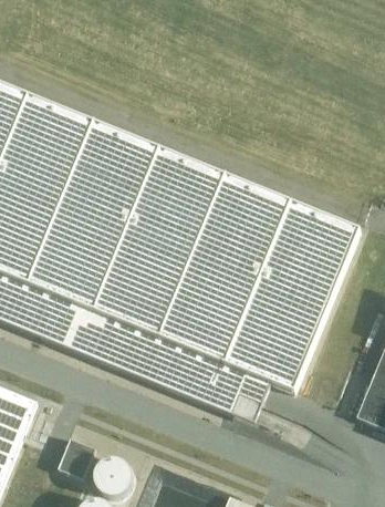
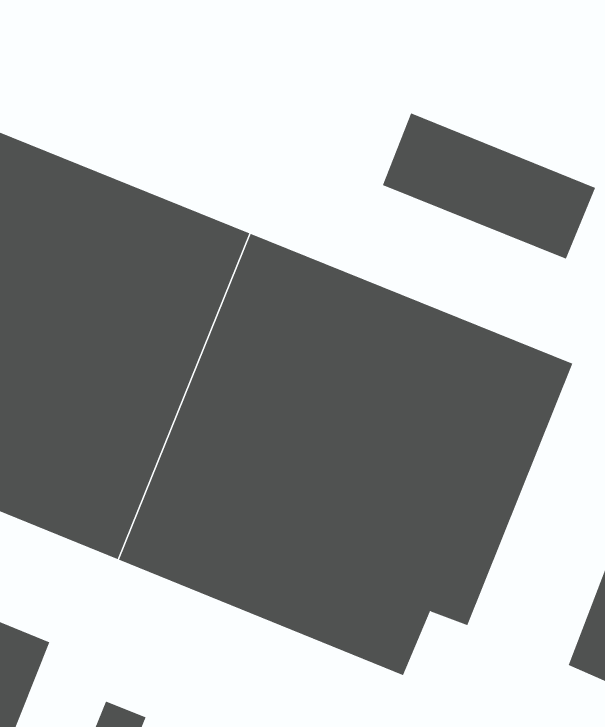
building: none -> [382,113,596,259]

